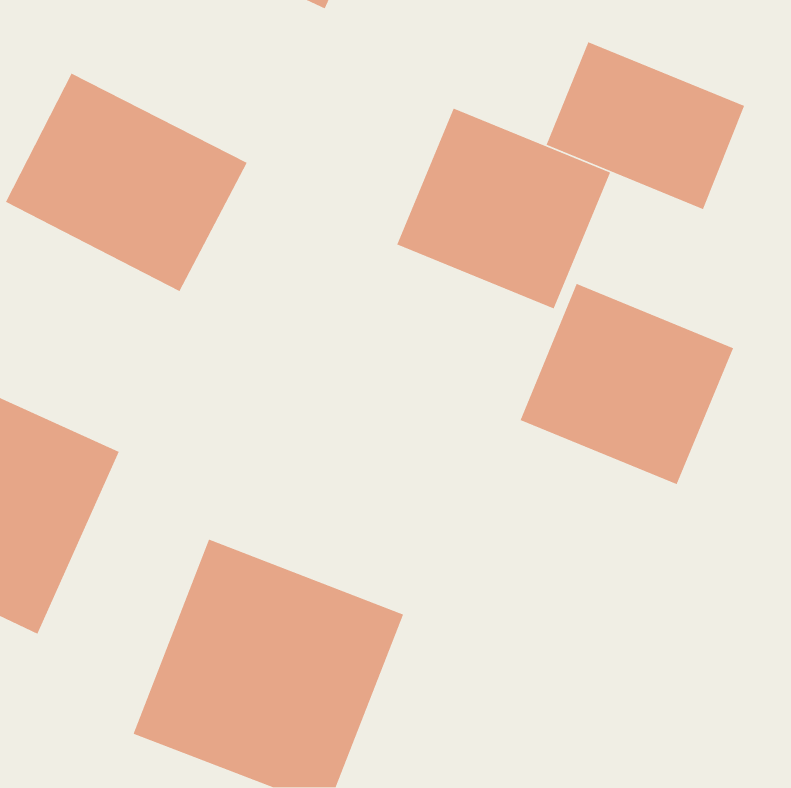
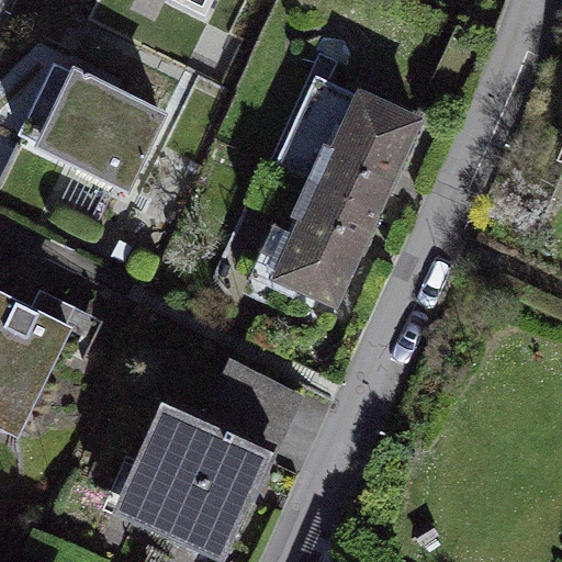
building: [545,41,745,210] -> none
building: [519,283,734,485] -> [236,170,385,311]

